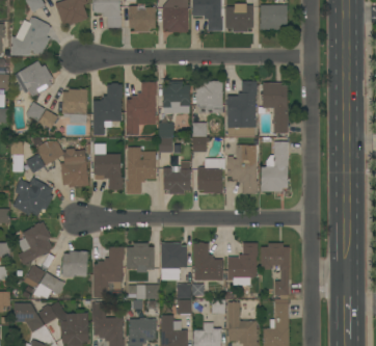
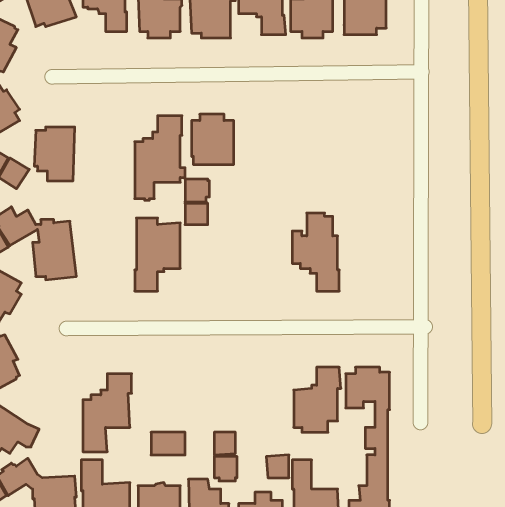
building: [195,81,222,113] -> none
building: [226,81,257,137] -> none
building: [92,83,122,135] -> none
building: [262,83,288,133] -> none
building: [192,123,211,152] -> none
building: [93,141,123,190] -> none
building: [260,141,288,192] -> none
building: [196,159,224,194] -> none
building: [162,166,190,194] -> none
building: [192,242,222,281] -> none
building: [126,243,154,273] -> none
building: [160,243,186,281] -> none
building: [61,250,88,277] -> none

